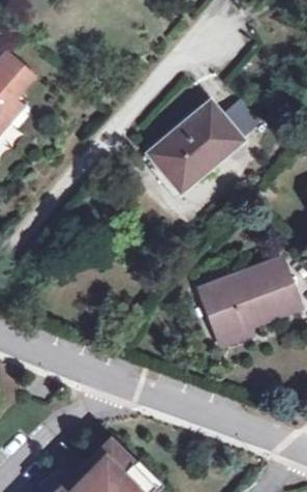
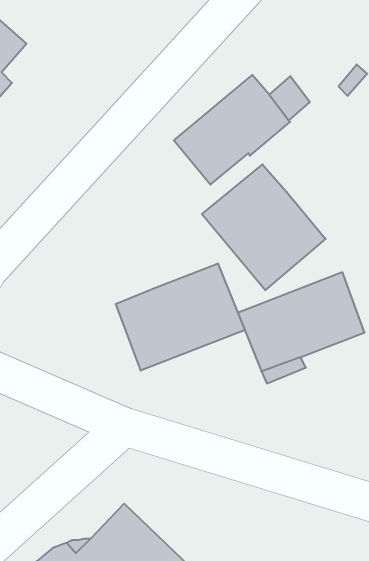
building: none -> [202,164,326,290]
building: none -> [116,263,245,371]

